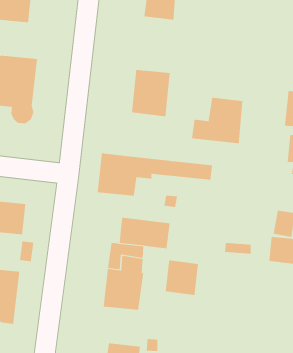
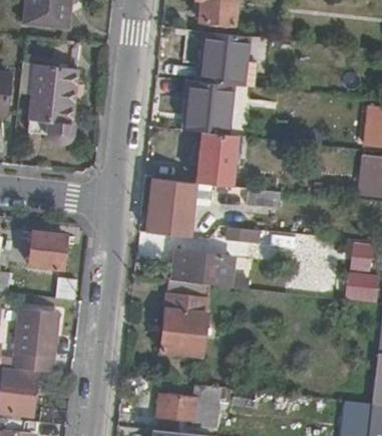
building: none -> [201,32,248,86]
building: [191,97,243,144] -> [178,133,238,186]
building: [165,260,199,296] -> none

